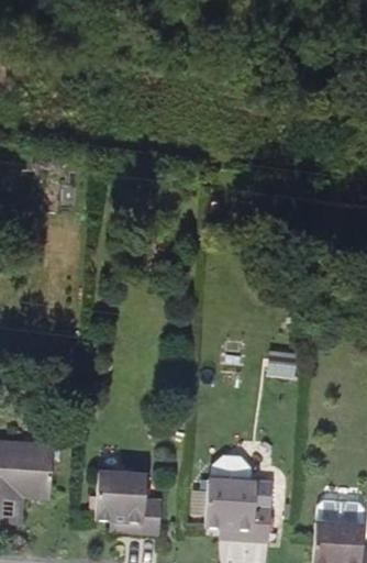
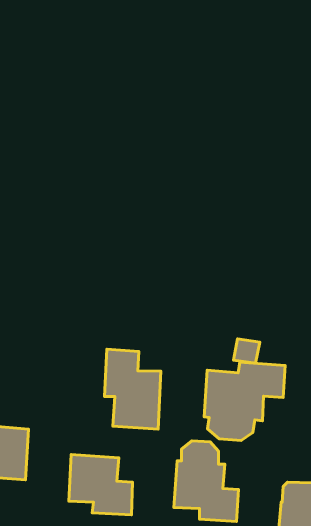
building: none -> [104,349,161,429]
building: none -> [204,362,285,441]

